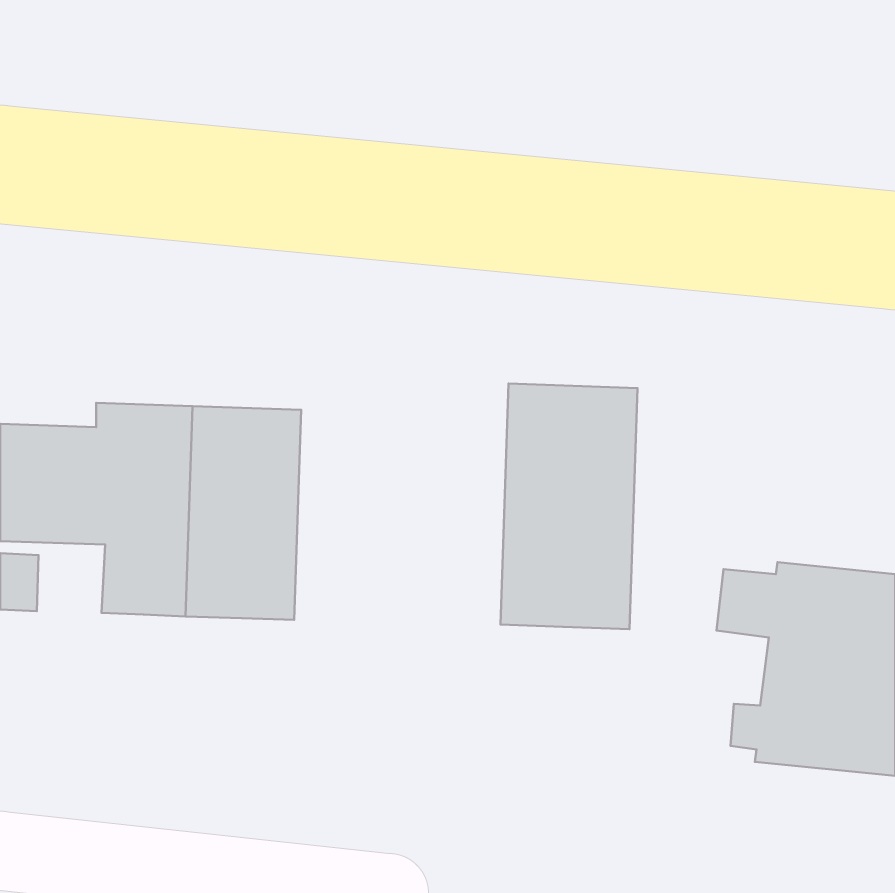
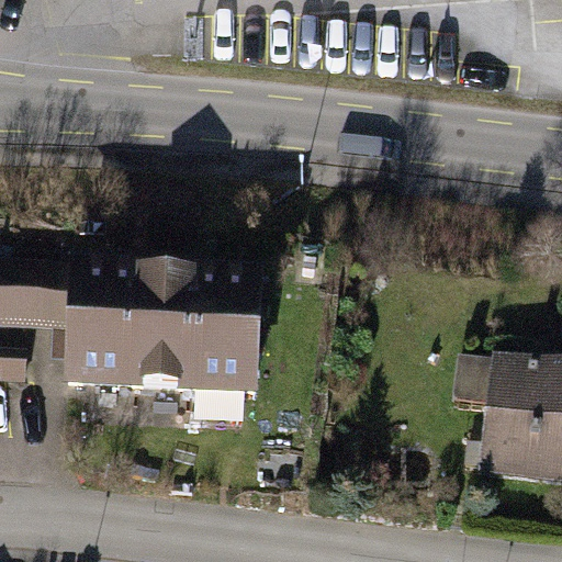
building: [501,384,638,629] -> none
building: none -> [184,257,262,391]

